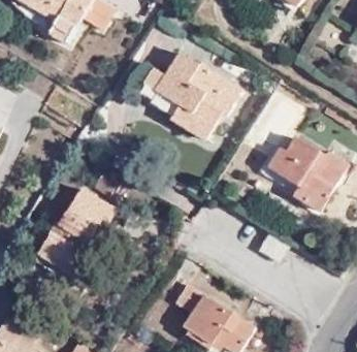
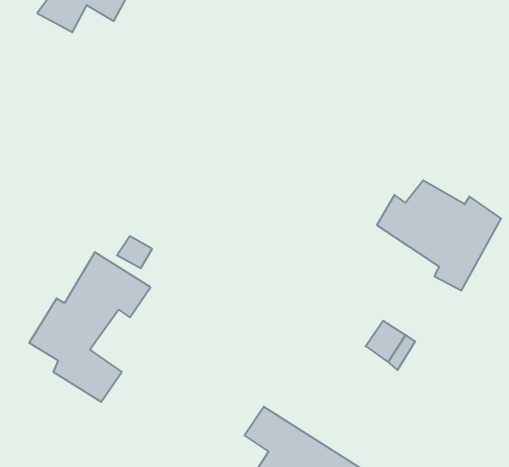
building: [151,49,235,135] -> none

